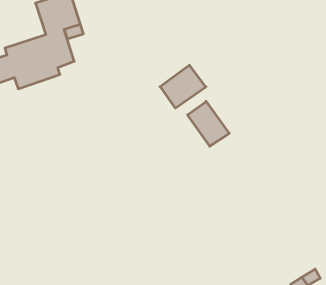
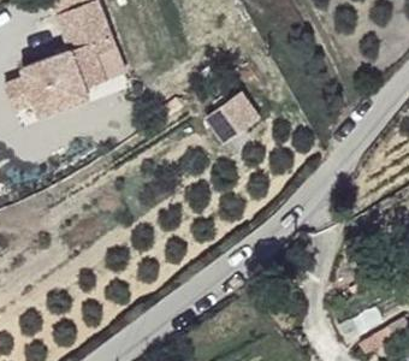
building: [188,101,229,146] -> none

